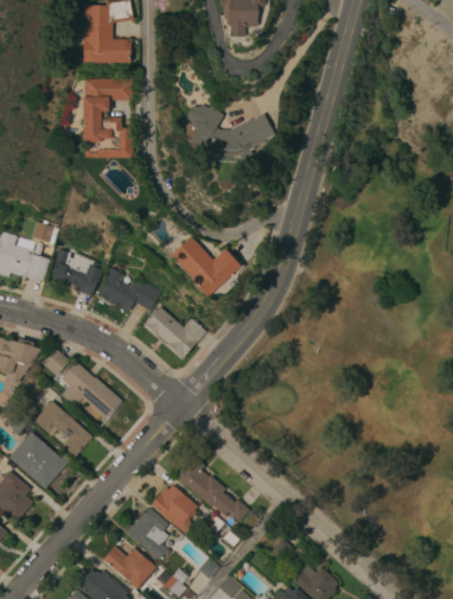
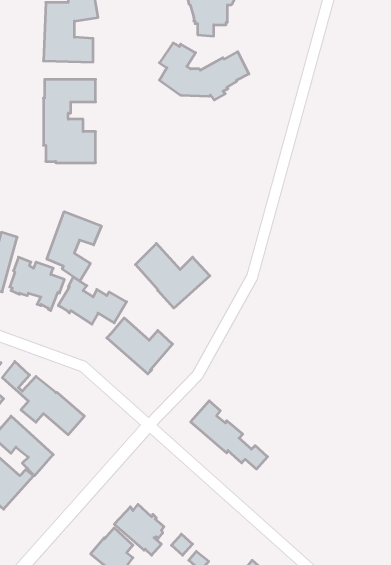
building: [189,104,274,159] -> [159,43,249,100]
building: none -> [47,212,101,281]
building: [176,455,249,521] -> [191,401,268,469]

